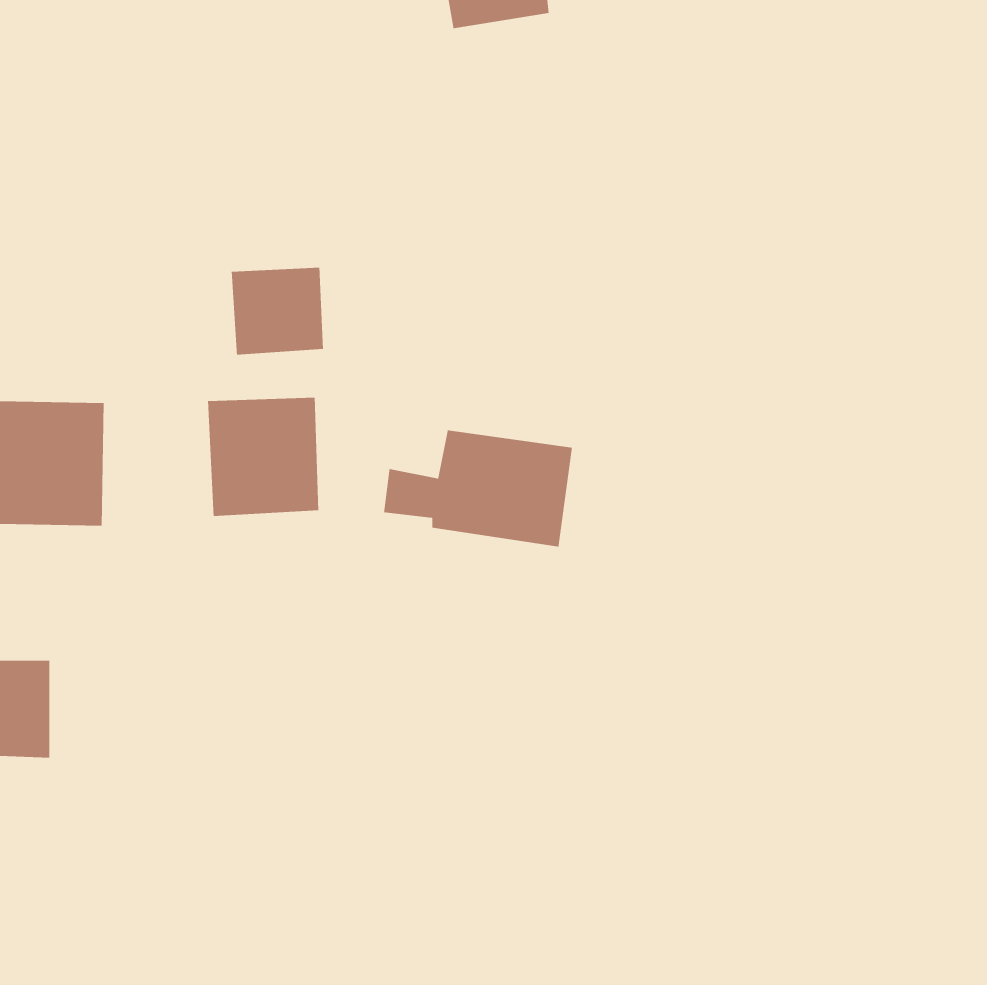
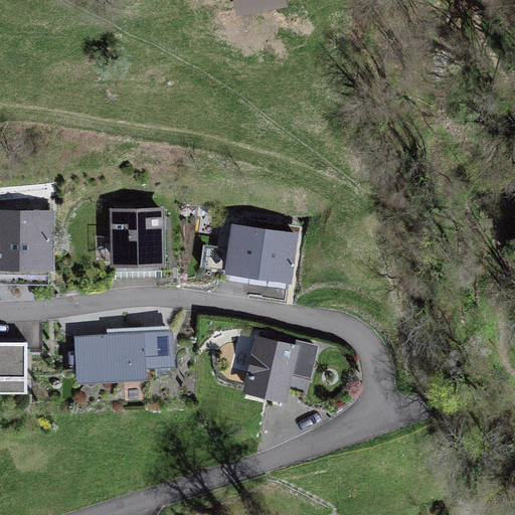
building: [231,267,324,355] -> none
building: none -> [73,330,173,383]
building: none -> [241,334,318,404]

